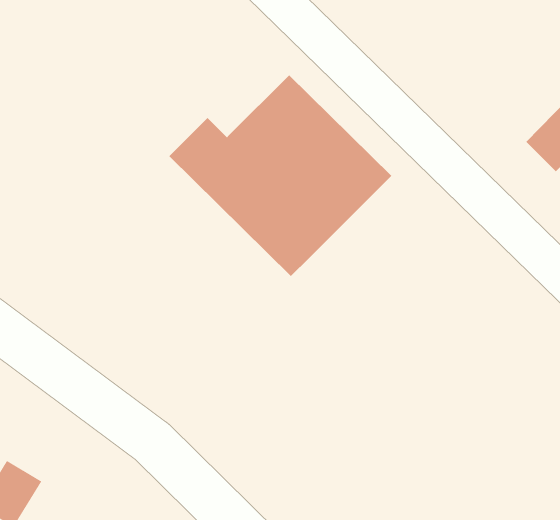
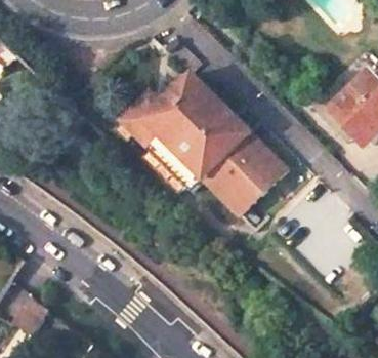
building: none -> [202,132,285,215]

